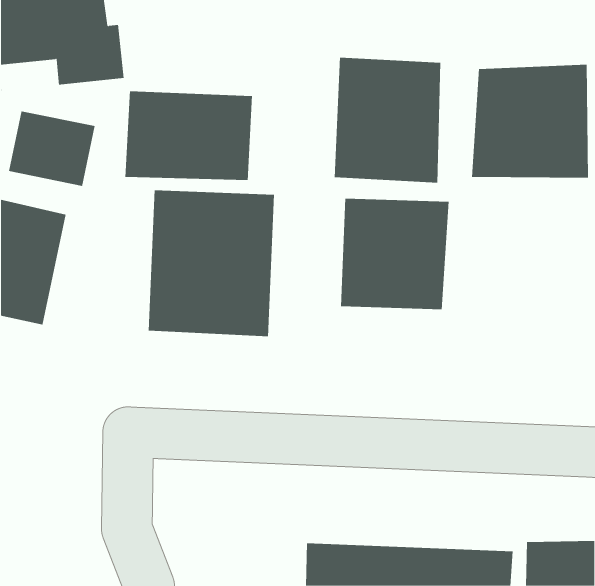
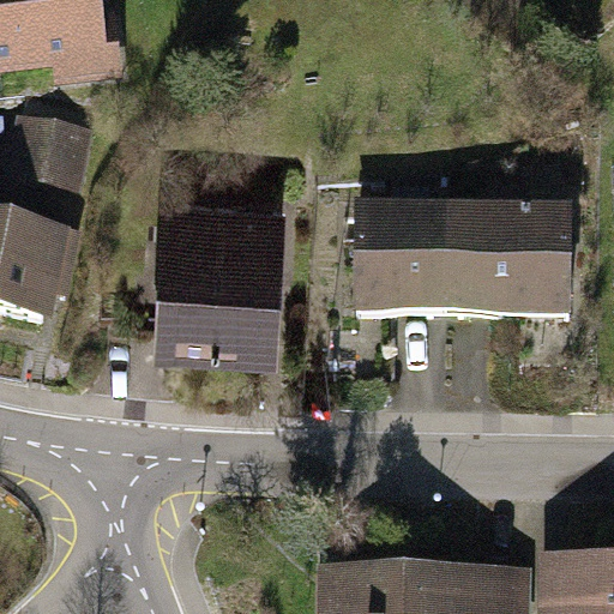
building: [334,57,441,184] -> none
building: [471,64,589,178] -> [456,203,577,320]
building: [125,90,253,181] -> none

